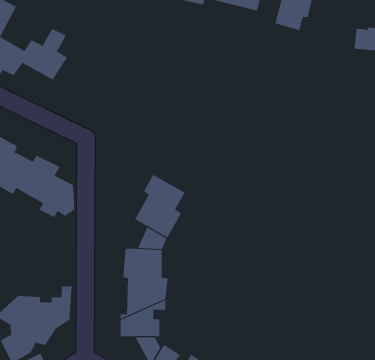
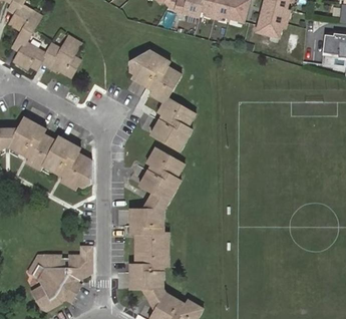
building: none -> [130,53,197,156]

